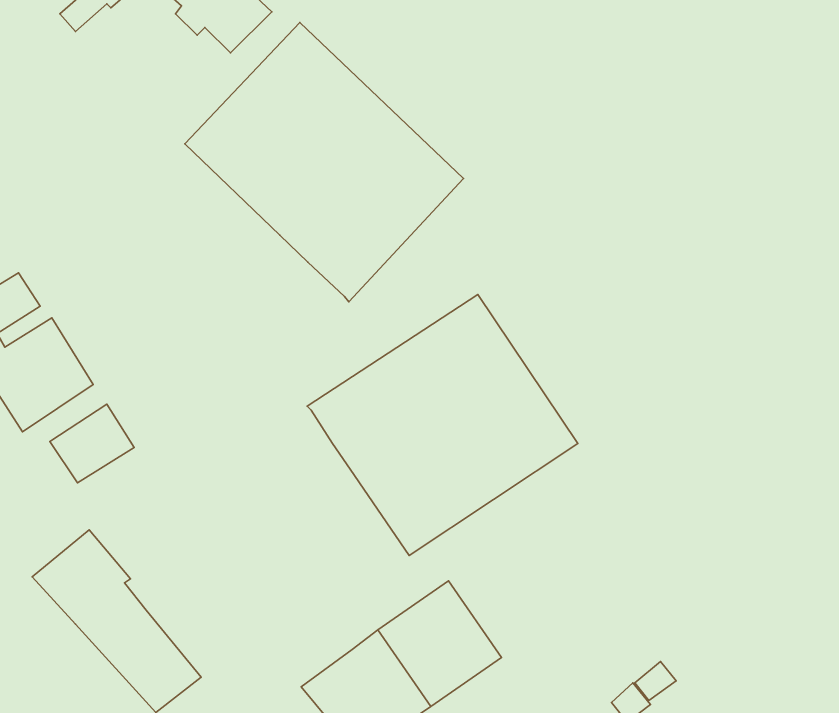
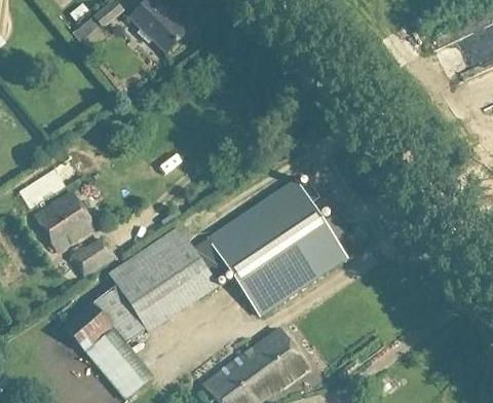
building: [185,22,464,302] -> none
building: none -> [91,227,228,343]

